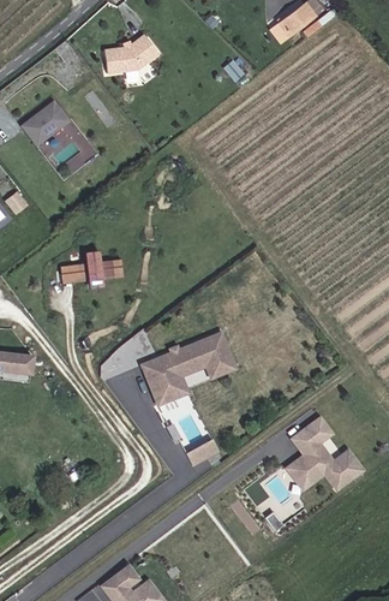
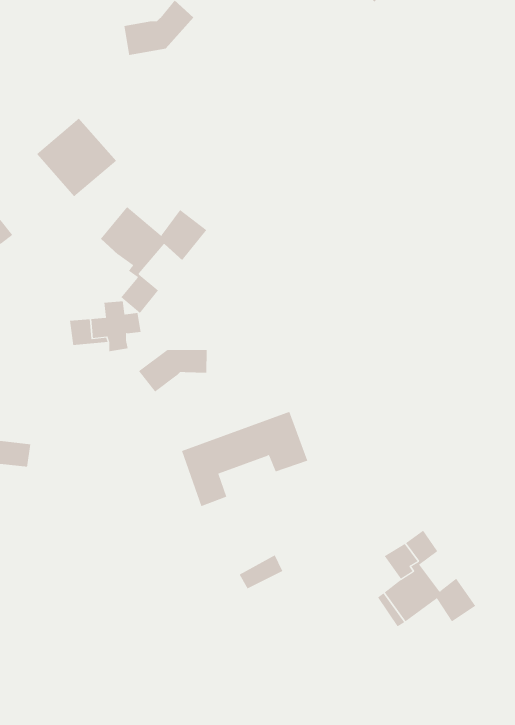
building: [22,103,65,147] -> none
building: none -> [100,206,207,314]
building: none -> [138,349,207,392]

